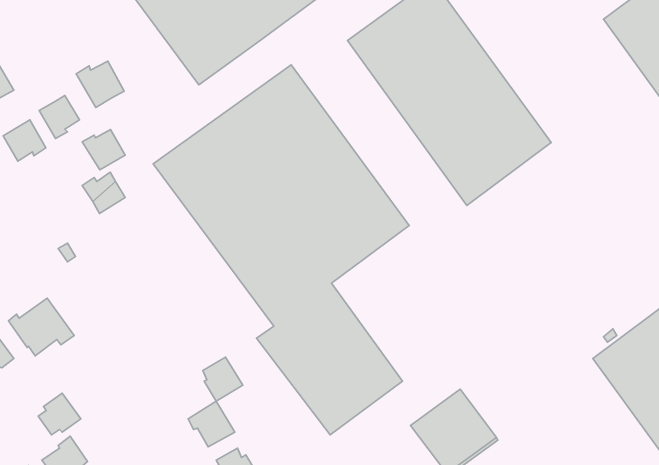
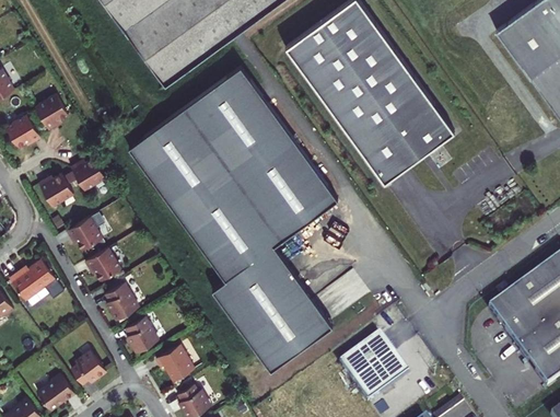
building: [76,61,124,107] -> none
building: [82,130,125,170] -> [38,172,73,205]
building: none -> [67,209,106,248]
building: none -> [85,244,124,279]
building: none -> [105,282,139,318]
building: [203,357,243,401] -> [126,315,159,351]
building: [38,393,81,435] -> [71,349,106,383]

